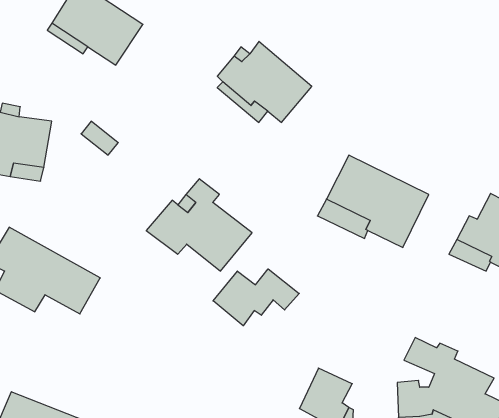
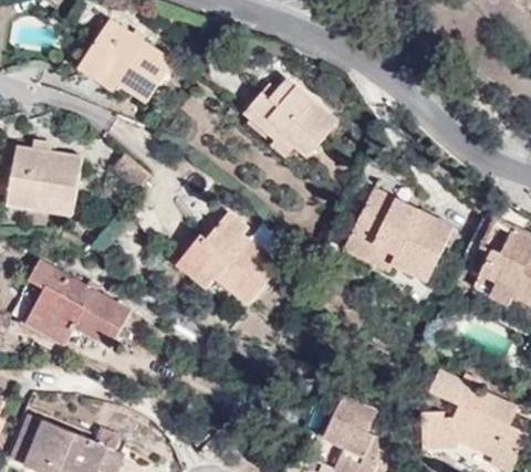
building: [213,269,299,326] -> none

